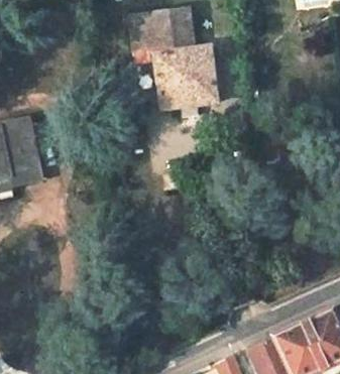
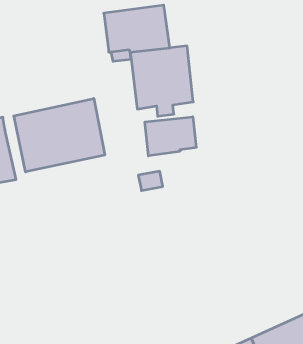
building: none -> [14,98,105,172]
building: none -> [145,117,196,156]

